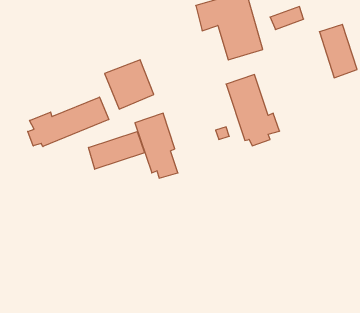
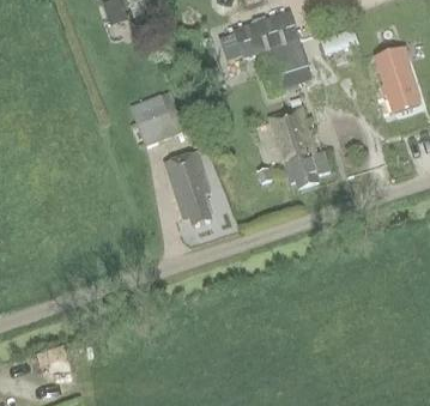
building: [28,97,109,147] -> none
building: [89,132,144,169] -> none

